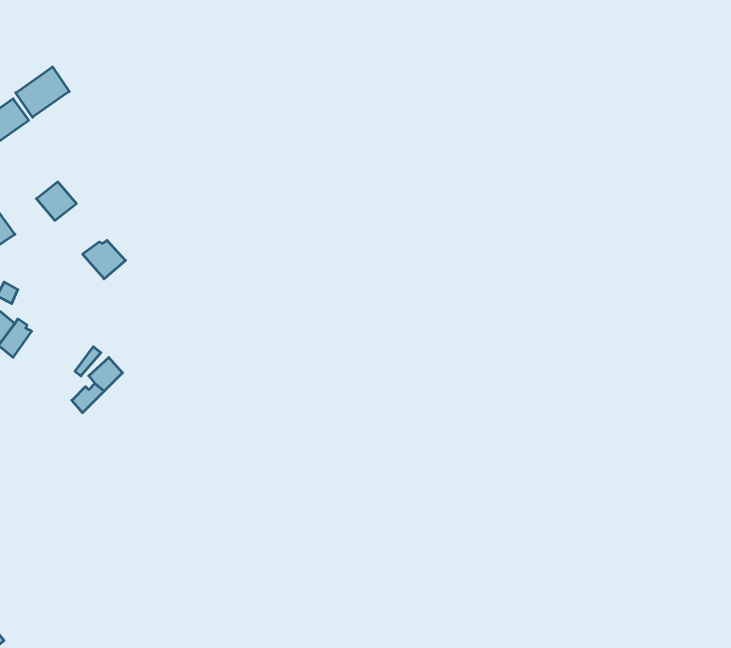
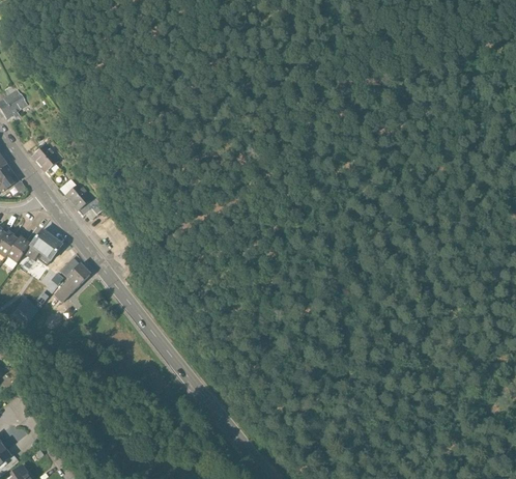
building: [16,67,69,117] -> none
building: none -> [24,230,61,261]

